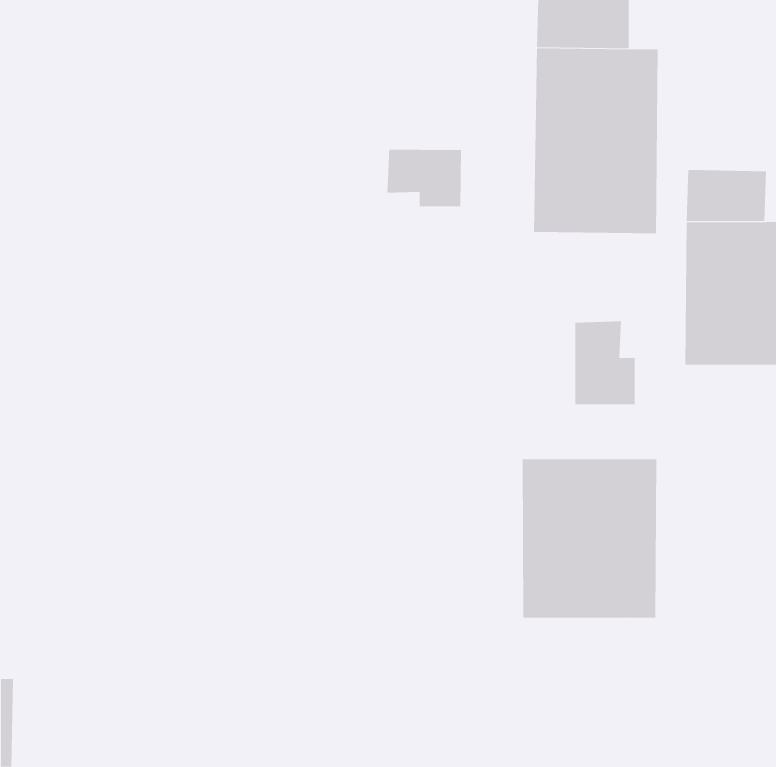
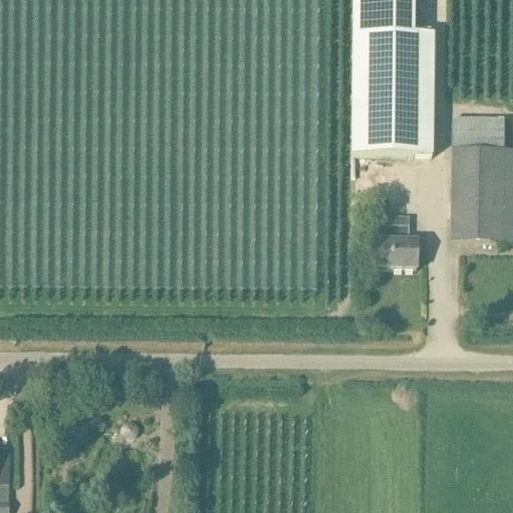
building: [387,149,462,207] -> none
building: [522,458,657,619] -> none

